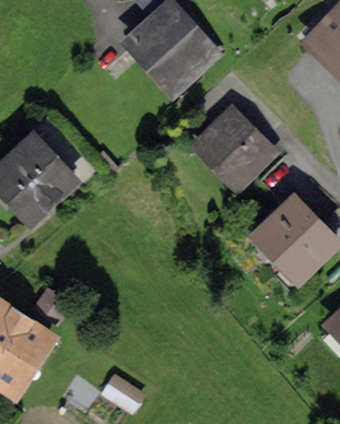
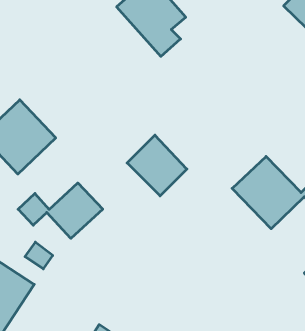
building: [201,114,265,178] -> [127,135,187,196]
building: none -> [18,183,103,238]

